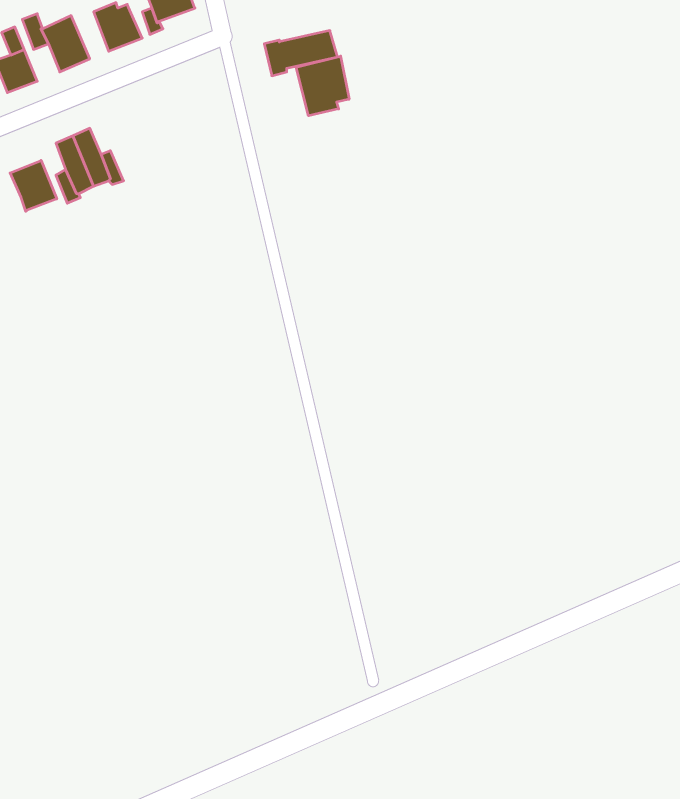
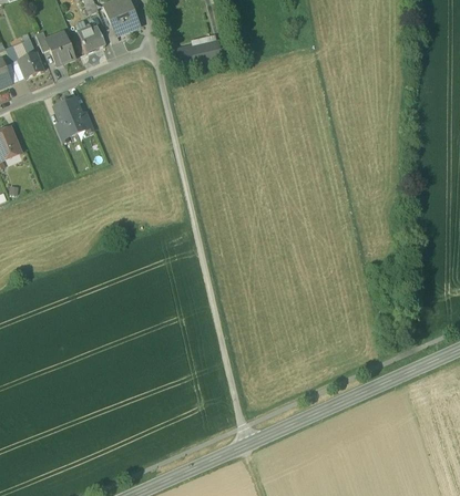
building: [296,56,349,116] -> none
building: [10,160,57,211] -> none

